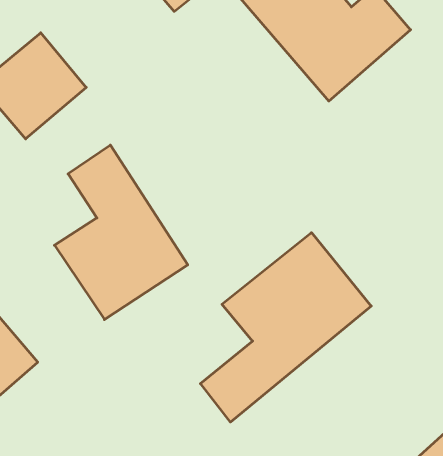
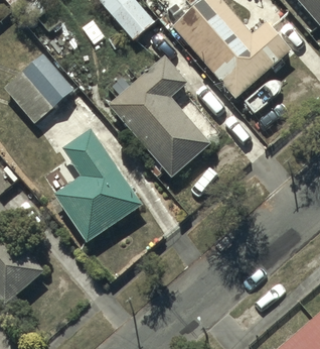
building: none -> [109,56,210,177]
building: [200,233,371,422] -> none

